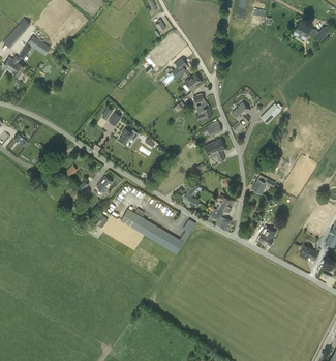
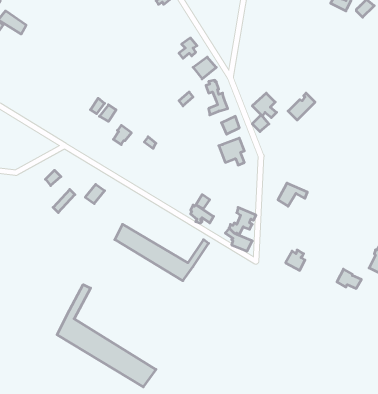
building: none -> [57,285,156,387]

